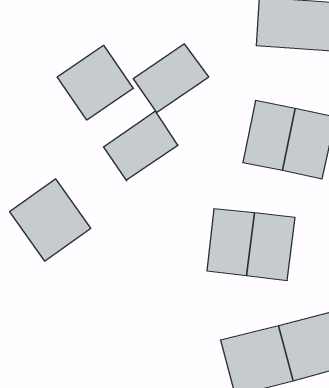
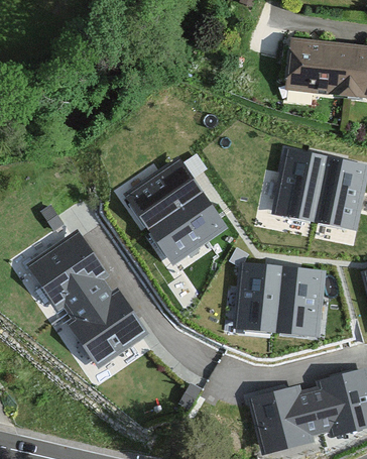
building: [133,44,209,112] -> [149,194,228,265]
building: [57,45,133,120] -> none
building: none -> [64,280,148,366]

